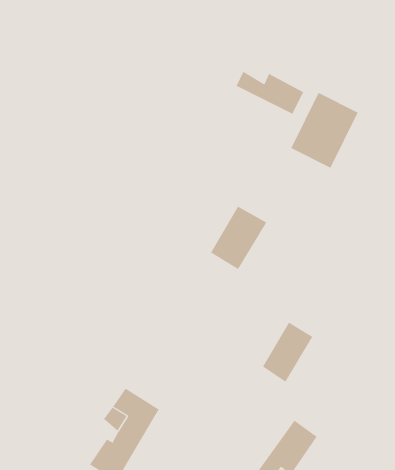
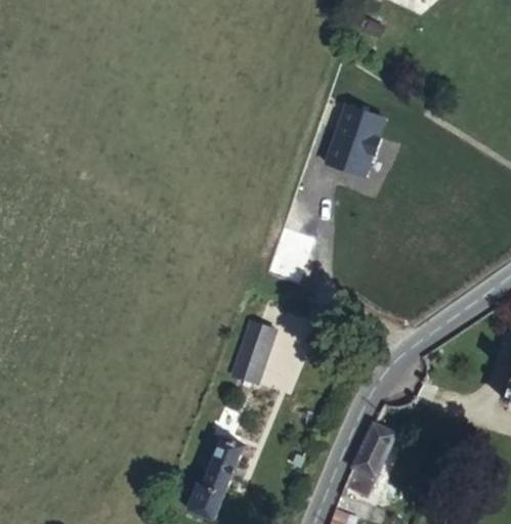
building: [236,71,304,114] -> none
building: [262,322,313,382] -> [231,324,278,385]

